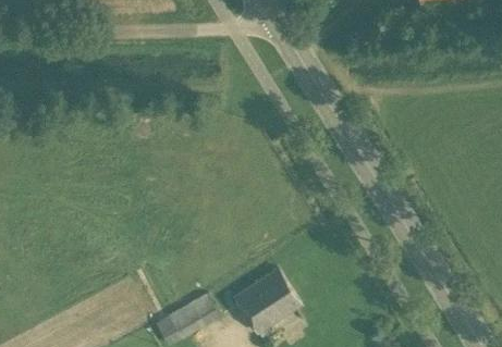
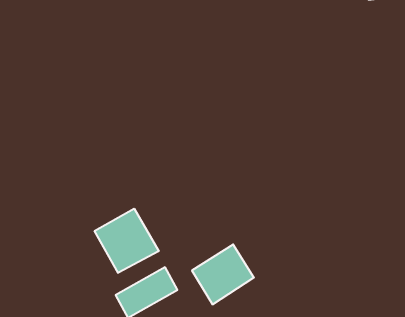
building: none -> [95,209,159,273]

